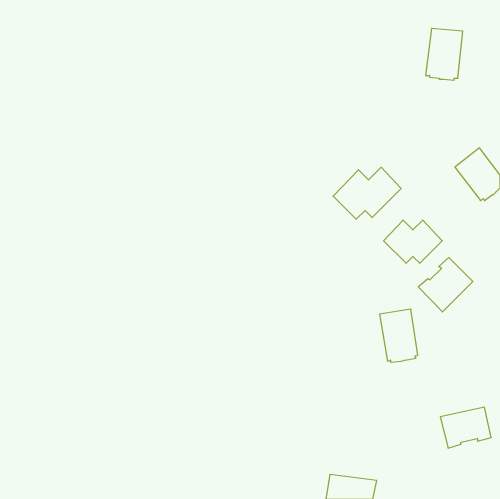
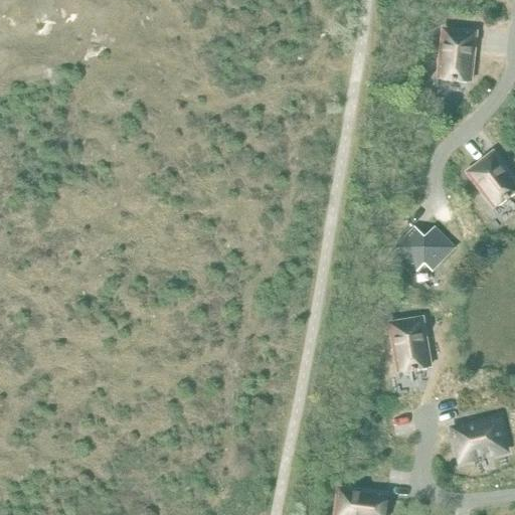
building: [333,167,401,219] -> none
building: [418,258,473,312] -> none

